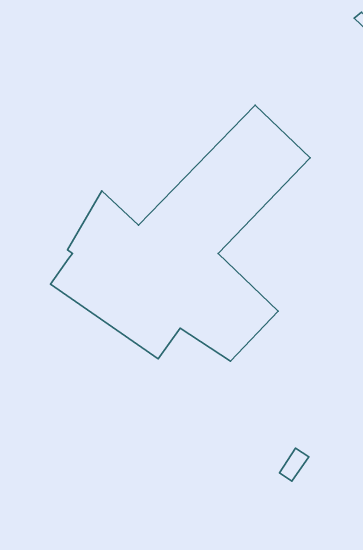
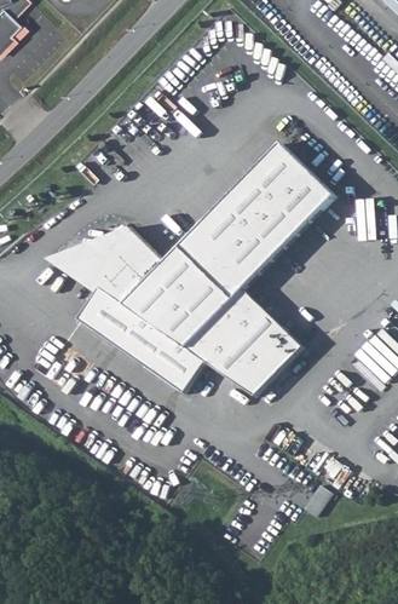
building: none -> [47,225,128,292]

